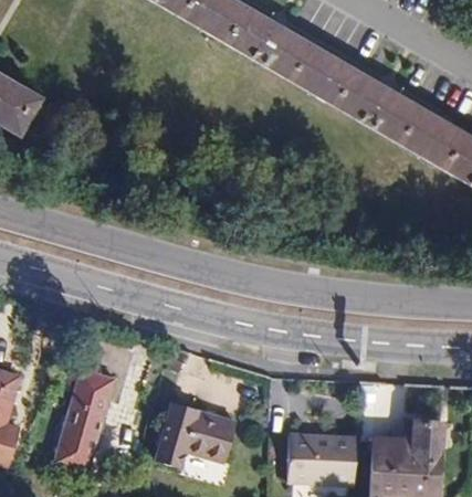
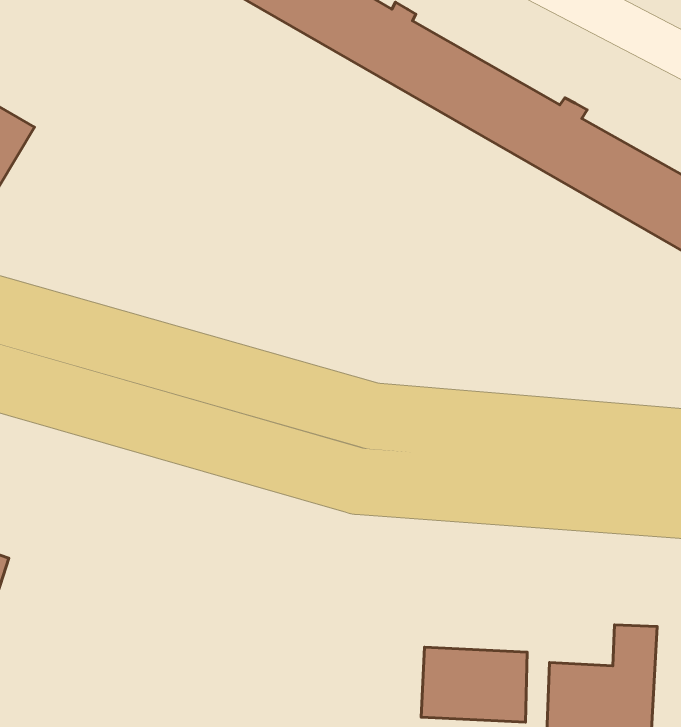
building: [53,366,115,470] -> none
building: [157,400,239,468] -> none

